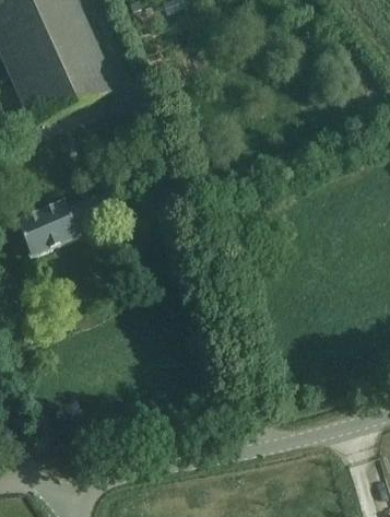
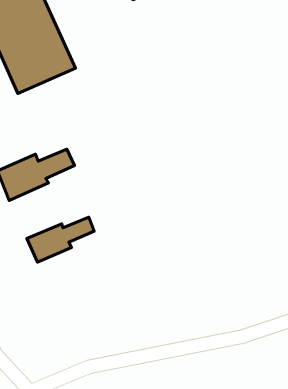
building: none -> [27,217,94,262]

